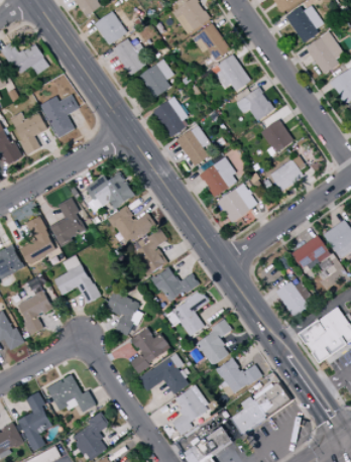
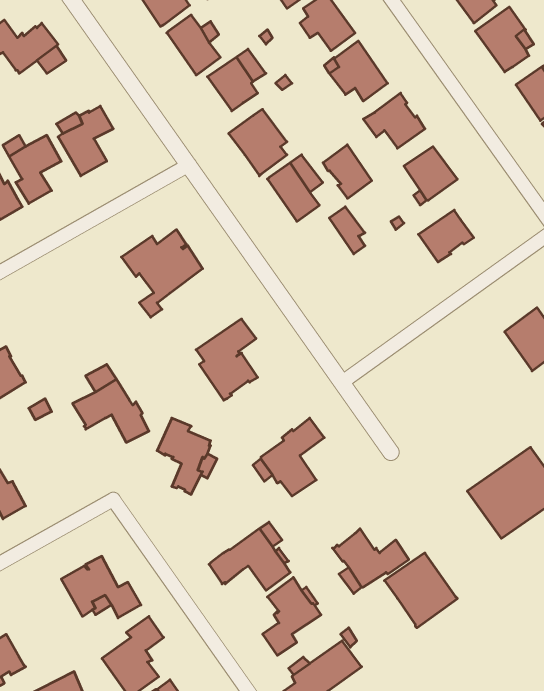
building: [198,164,228,198] -> [323,145,372,198]
building: [215,184,256,223] -> none
building: [49,198,86,247] -> none
building: [109,210,156,246] -> none
building: [17,216,61,266] -> none
building: [289,236,329,273] -> none
building: [150,267,200,303] -> none
building: [275,281,312,318] -> none
building: [17,290,53,336] -> none
building: [196,319,232,365] -> none
building: [129,328,170,374] -> none
building: [16,391,52,452] -> none
building: [230,398,266,435] -> none

